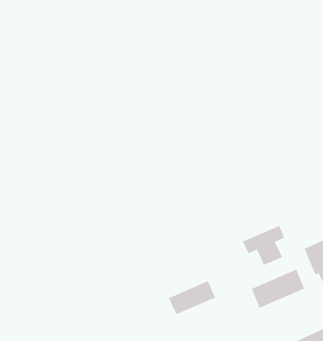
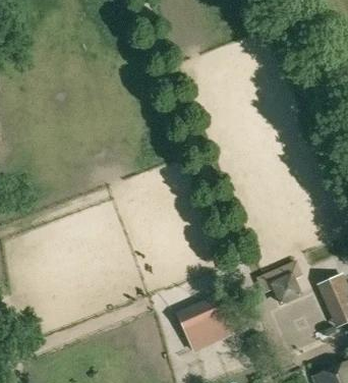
building: none -> [177,294,226,334]
building: [251,268,305,309] -> none

